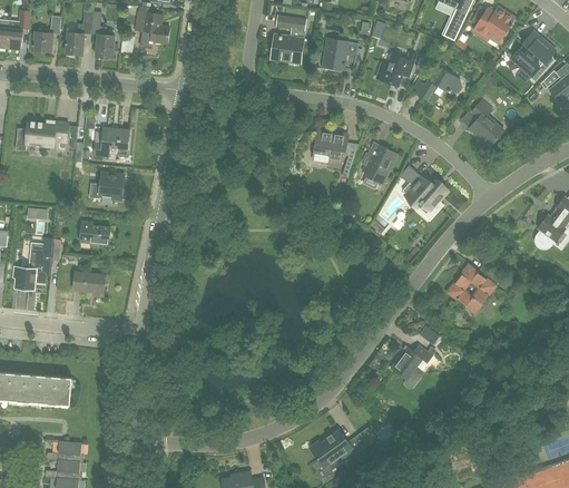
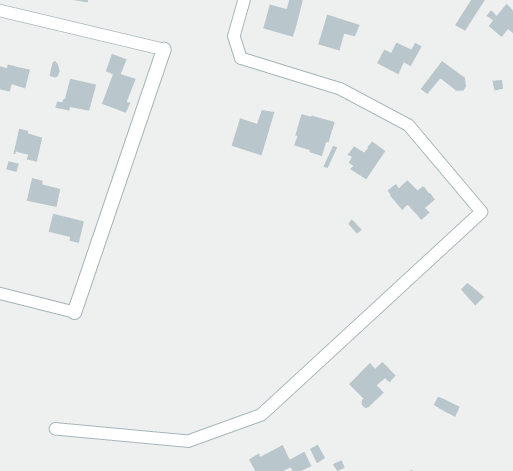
building: none -> [101,53,137,114]
building: [469,99,503,146] -> none
building: none -> [231,109,276,156]
building: [98,170,124,199] -> [12,128,43,163]
building: [448,265,494,312] -> none
building: [72,271,105,295] -> [47,213,85,244]

